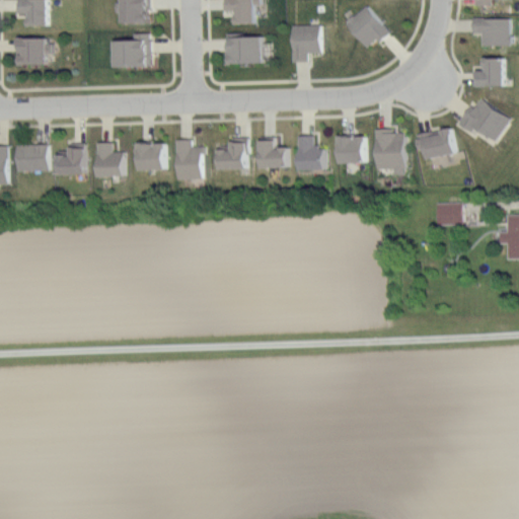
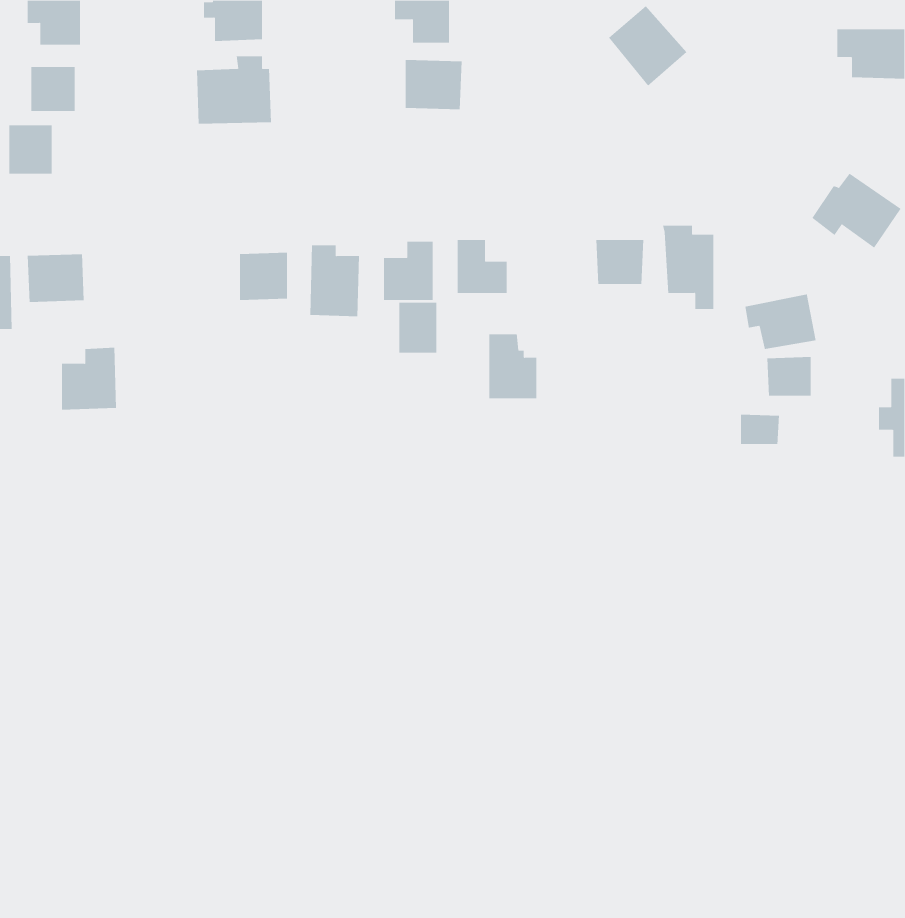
building: [290,24,317,63] -> none
building: [471,60,503,87] -> none
building: none -> [9,125,52,175]
building: [415,128,455,159] -> [744,294,816,350]
building: [297,136,324,172] -> [489,334,537,399]
building: [54,141,85,176] -> [61,347,117,410]
building: [96,141,124,176] -> none
building: none -> [399,302,437,353]
building: none -> [741,414,779,445]

